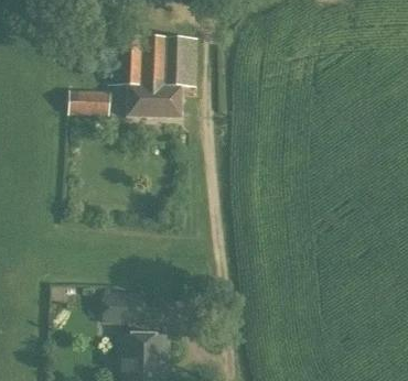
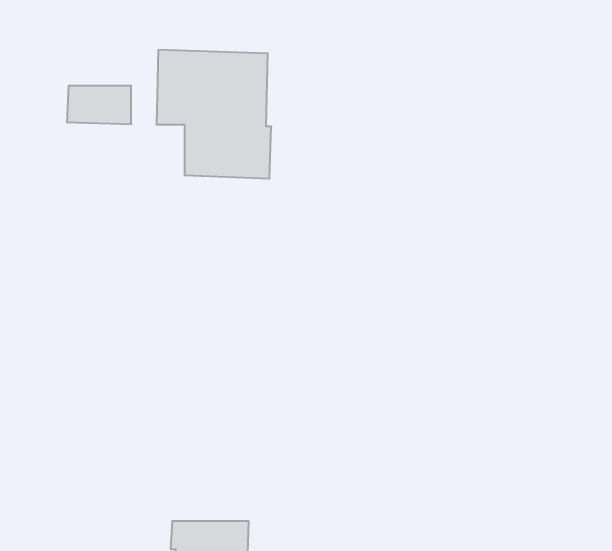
building: [69,91,110,116] -> [67,86,131,124]
building: [103,293,144,325] -> none

